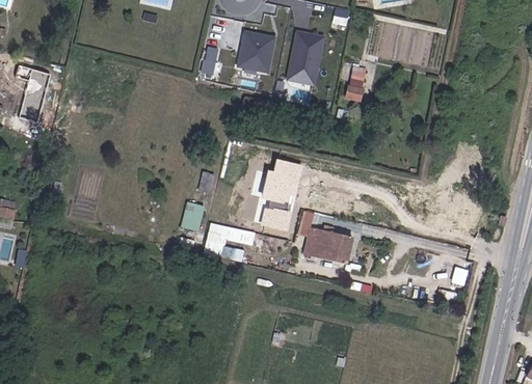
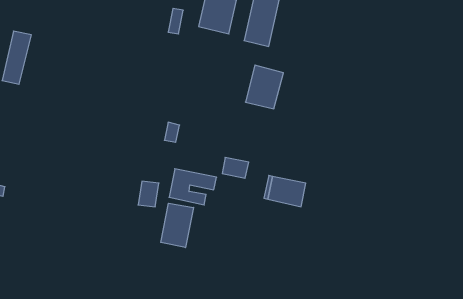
building: [346,64,366,101] -> none
building: [261,157,302,204] -> [245,65,283,109]
building: [181,201,204,229] -> [138,181,159,207]
building: none -> [161,203,194,248]

